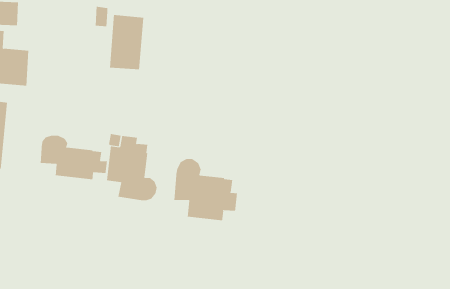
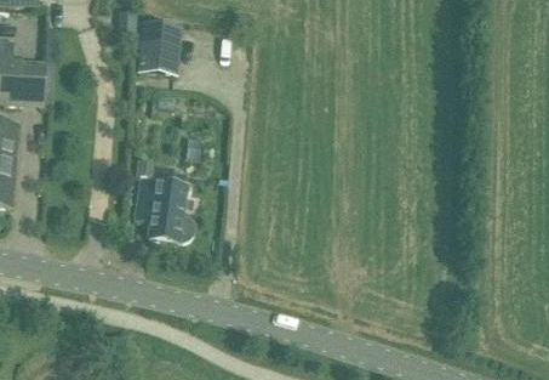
building: [40,135,107,180] -> none
building: [174,158,237,221] -> none

